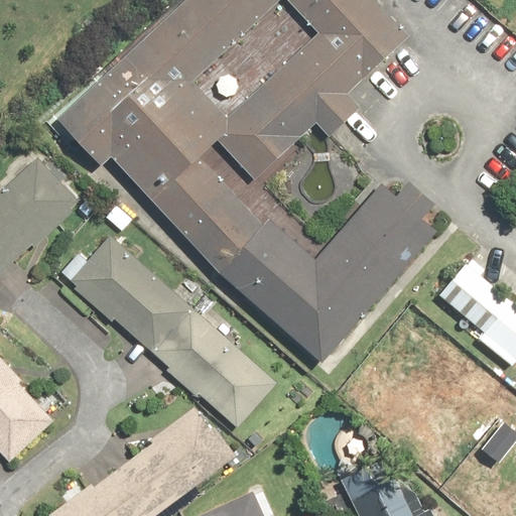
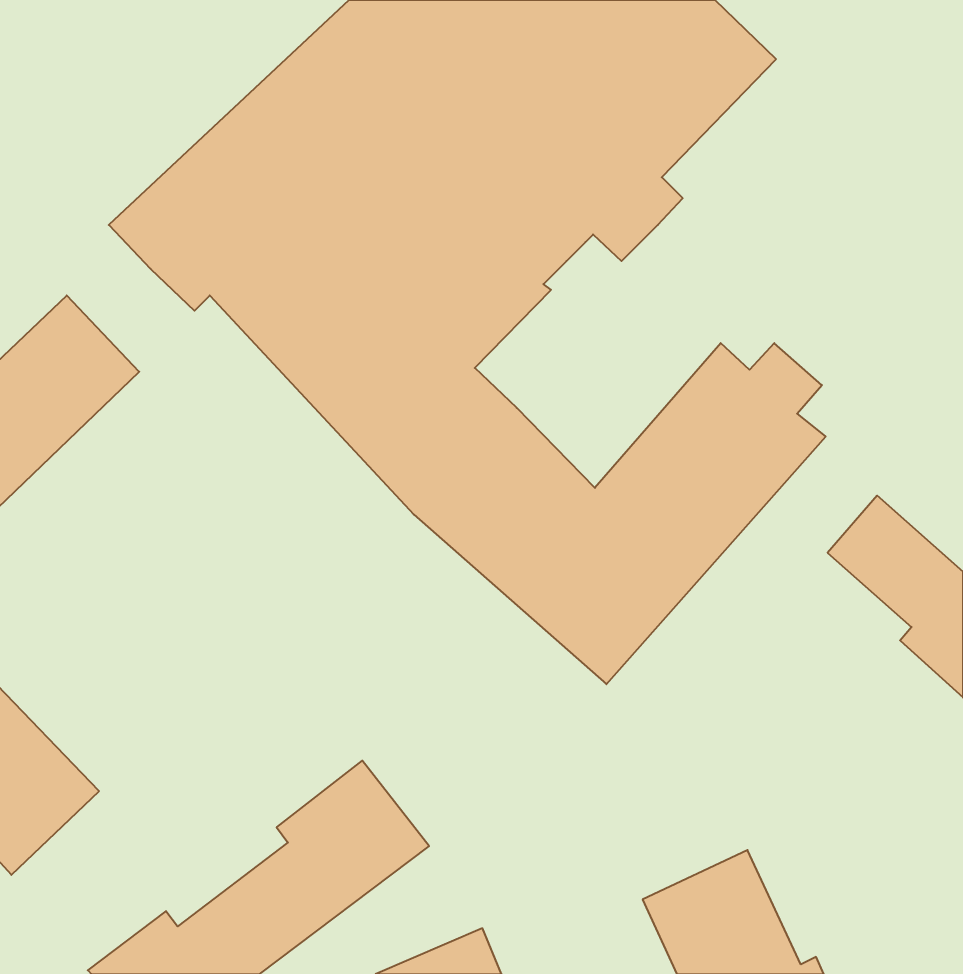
building: [67,236,276,425] -> none

